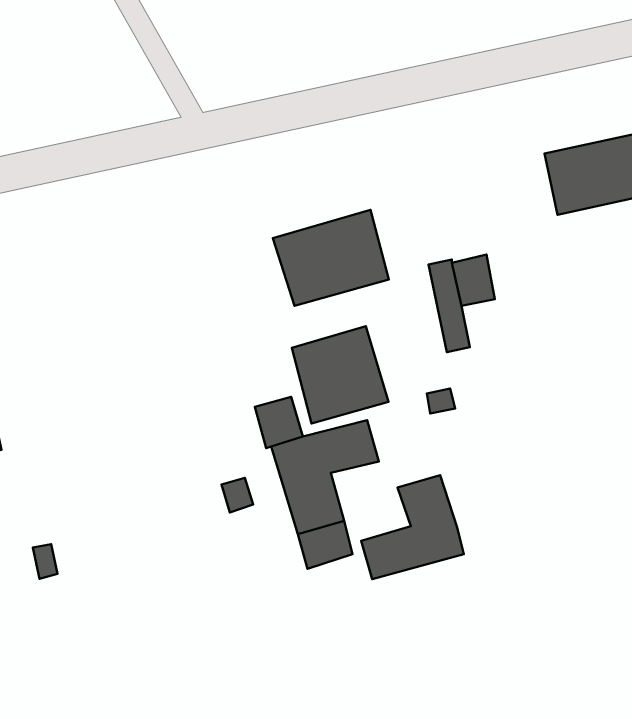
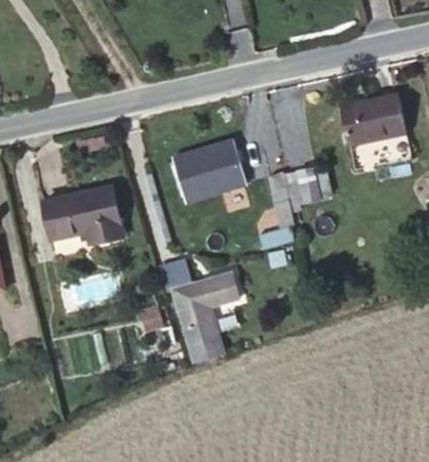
building: none -> [41,186,121,243]
building: [292,326,388,423] -> none
building: [361,475,464,579] -> none

